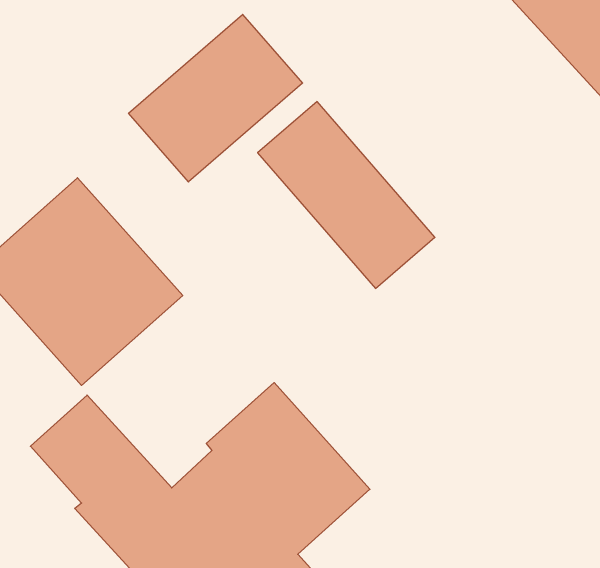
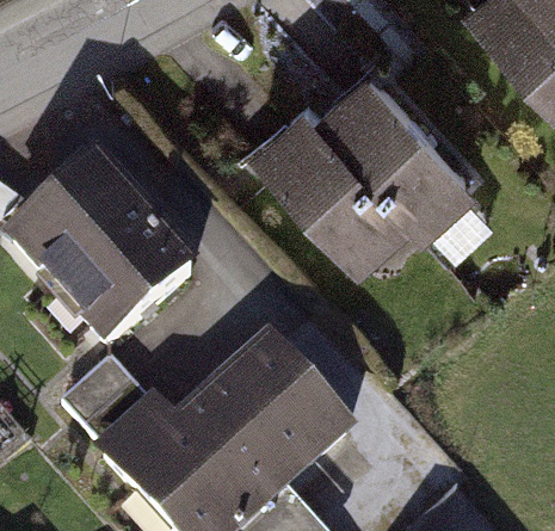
building: [129,14,303,182] -> none
building: none -> [319,70,471,231]

